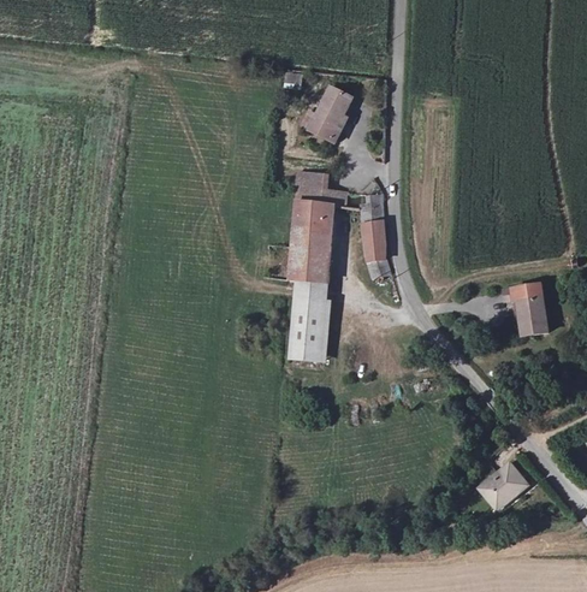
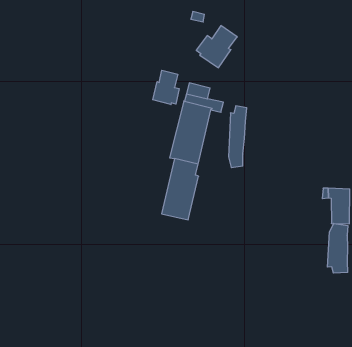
building: none -> [153,70,179,105]
building: none -> [327,223,348,273]
building: [480,463,528,509] -> none

